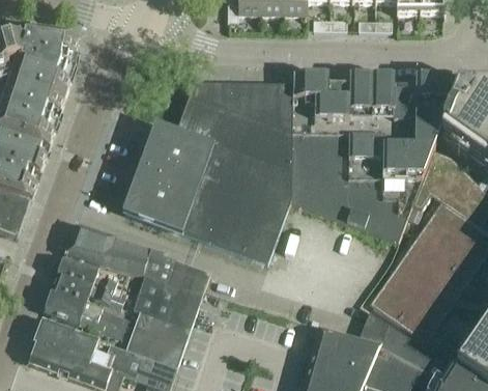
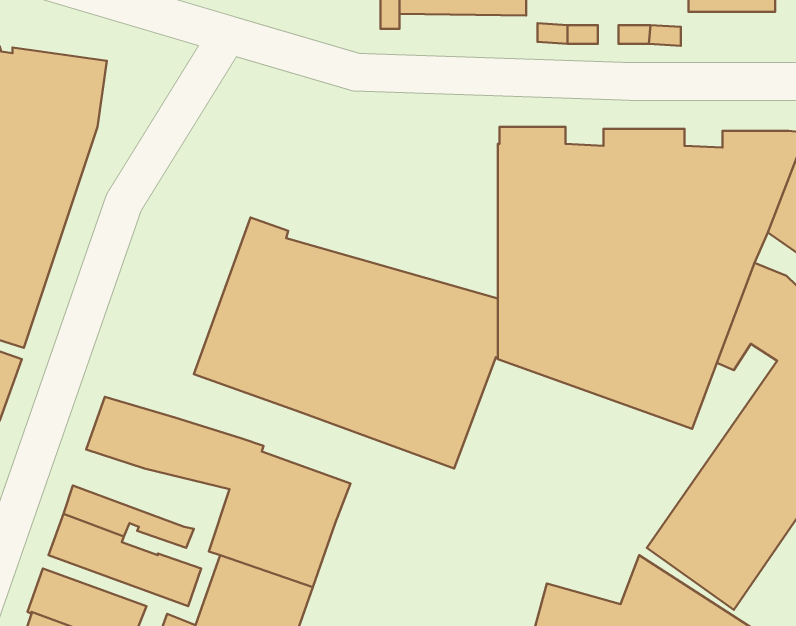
building: [175,85,291,171] -> none
building: [58,257,122,297] -> none

